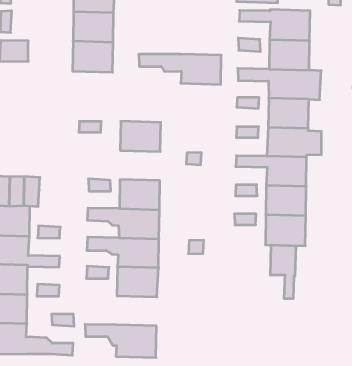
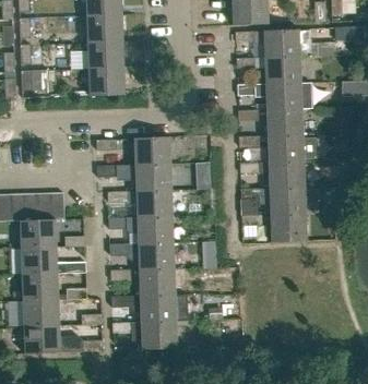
building: [139,54,221,84] -> [97,163,173,190]
building: [270,245,296,299] -> none
building: none -> [112,293,189,321]

